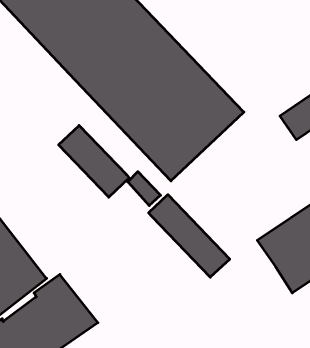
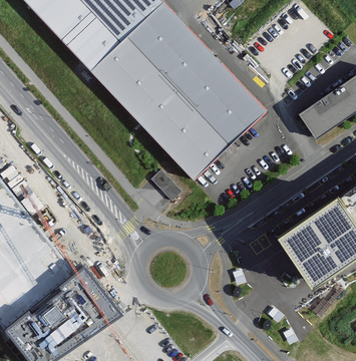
building: [59,125,129,197] -> none
building: [149,195,230,277] -> none

